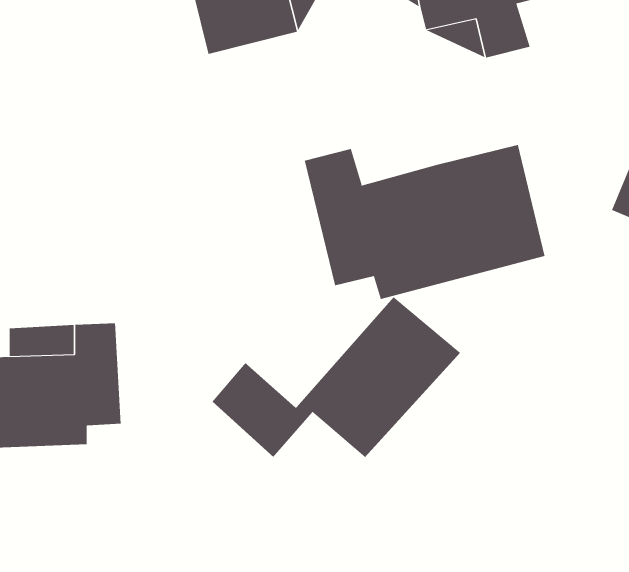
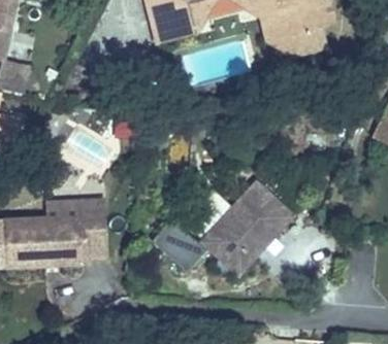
building: [304,144,545,300] -> none

